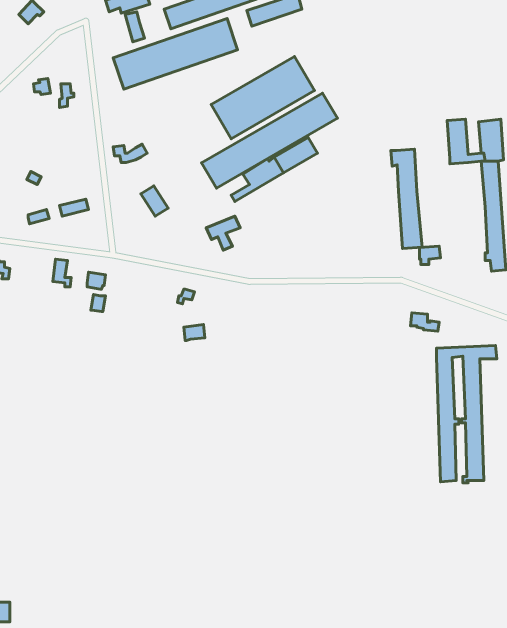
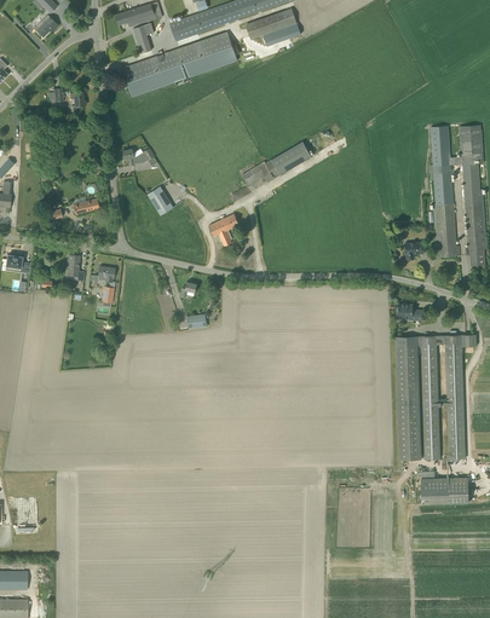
building: [211,57,314,139] -> none
building: [201,93,337,188] -> none
building: [391,149,422,249] -> [428,164,457,256]
building: none -> [397,336,422,460]
building: none -> [421,478,468,503]

